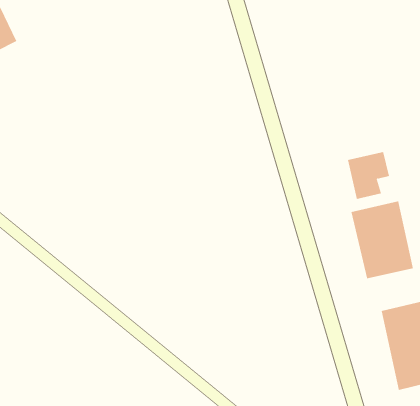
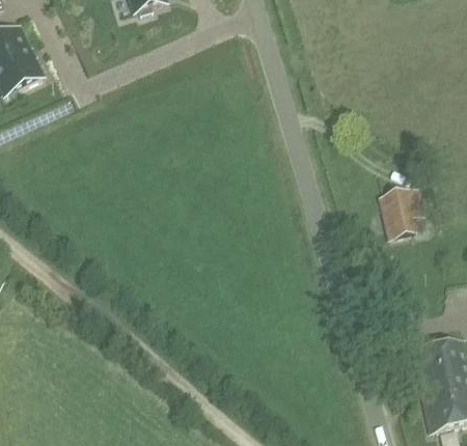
building: [351,201,414,279] -> none

